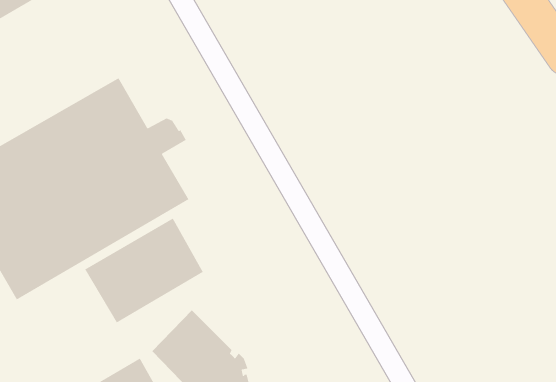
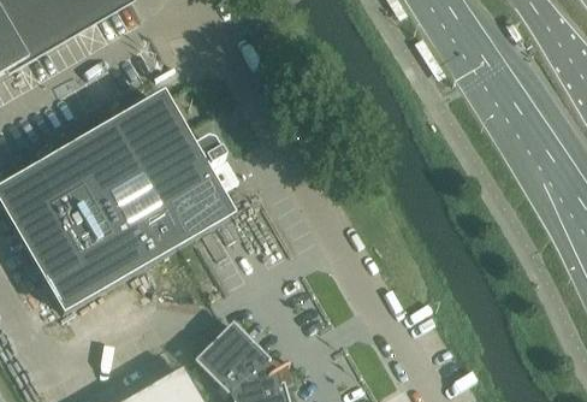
building: [84,218,204,324] -> none

